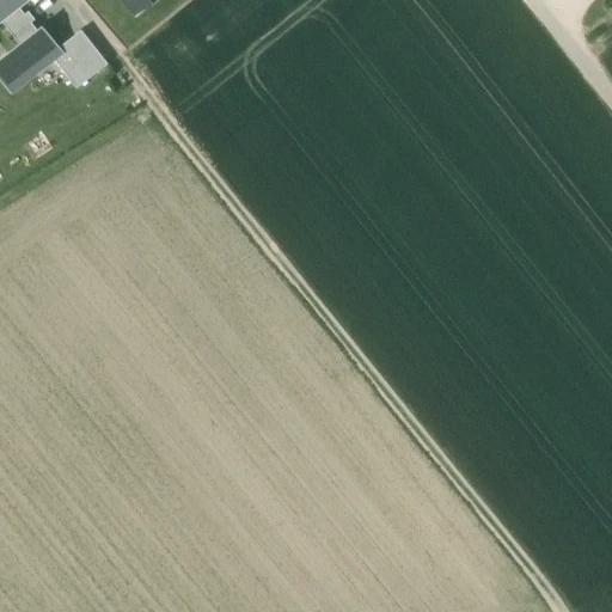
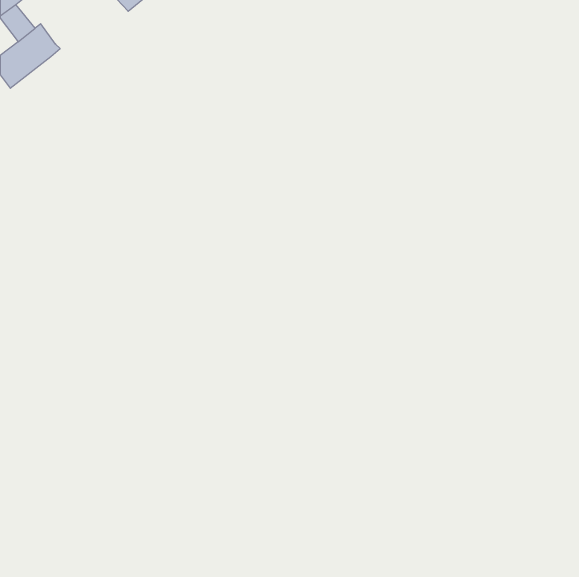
building: [54,30,108,87] -> none

